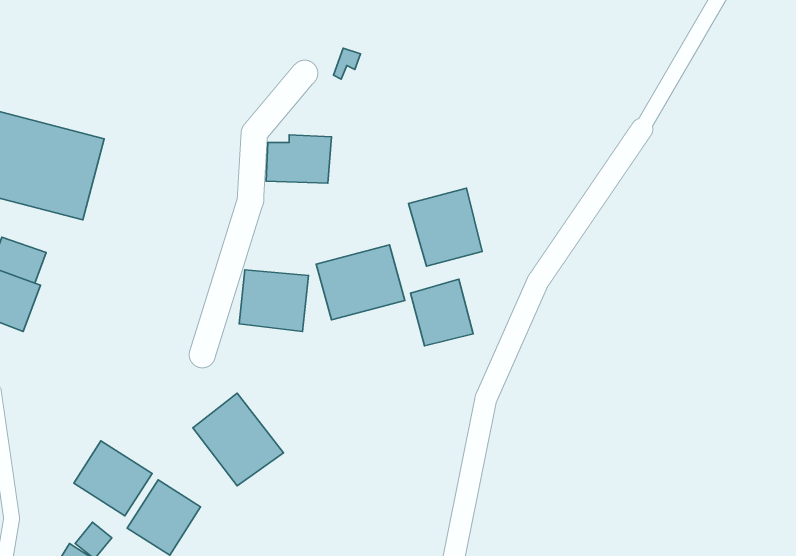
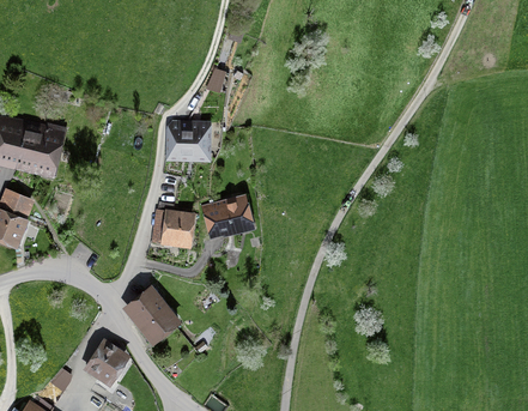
building: [409,188,482,266] -> none
building: [410,279,473,346] -> none
building: [74,441,152,516] -> none

